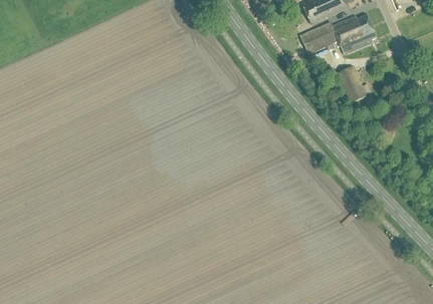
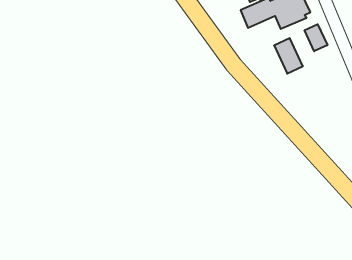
building: none -> [305,24,327,51]

